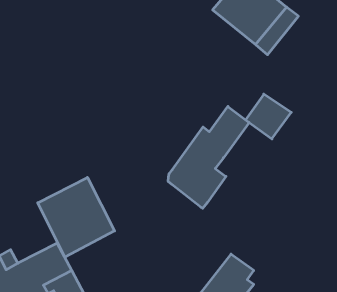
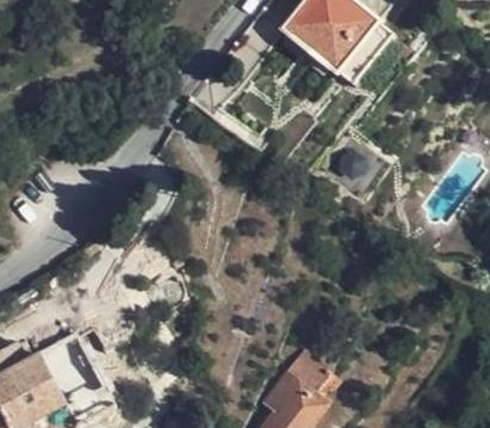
building: [168,106,249,208] -> none
building: [38,177,115,257] -> none

